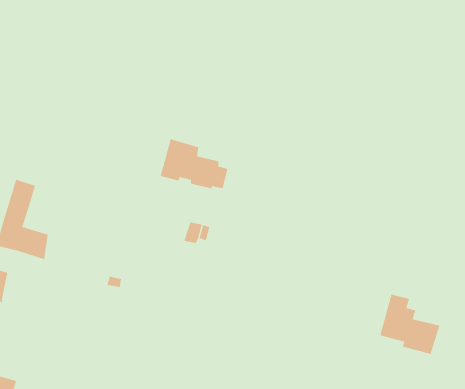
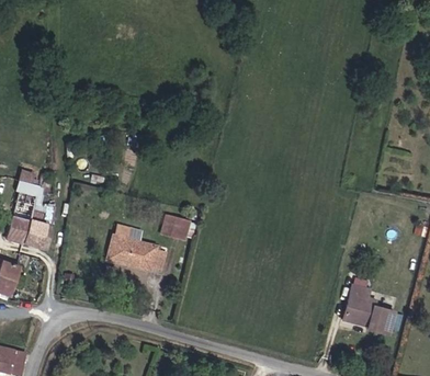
building: [160,138,228,189] -> [109,224,168,267]

